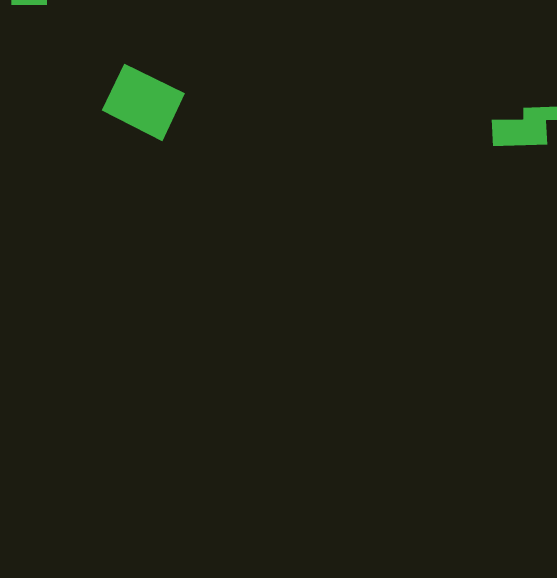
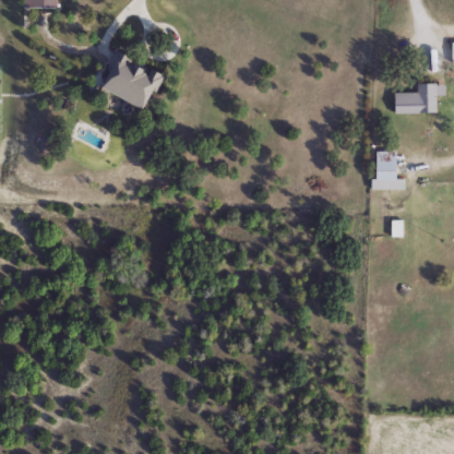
building: none -> [374,152,404,190]

